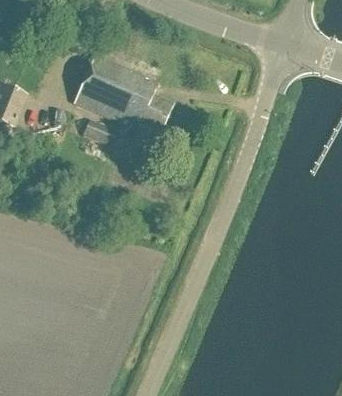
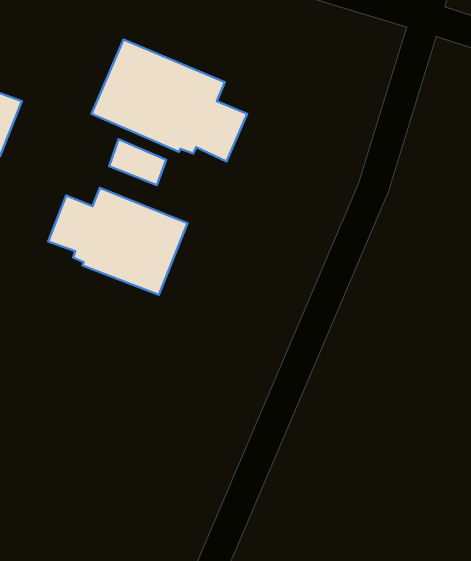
building: none -> [48,188,187,295]

